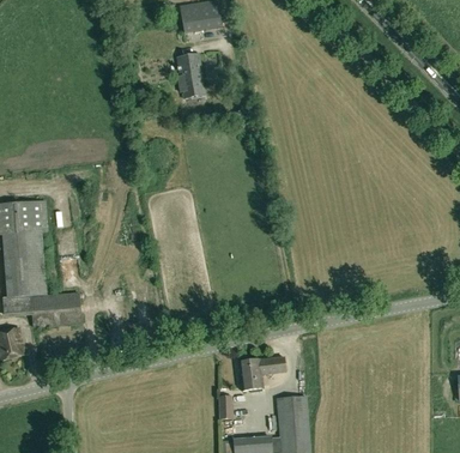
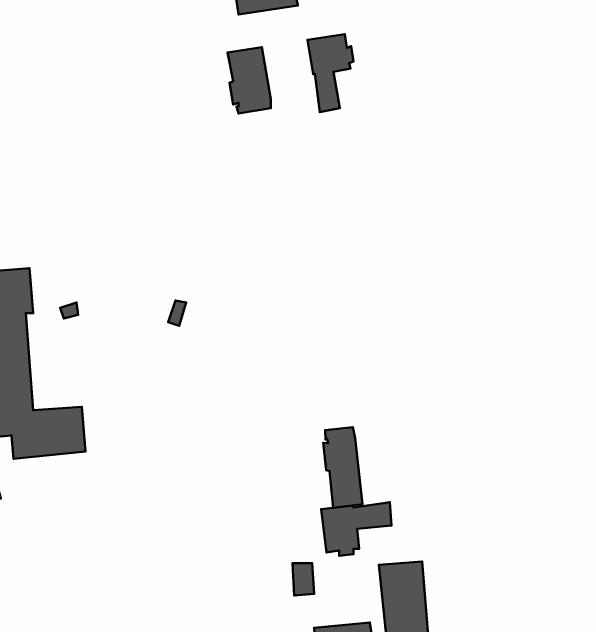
building: none -> [308,34,354,112]
building: none -> [323,427,362,508]

